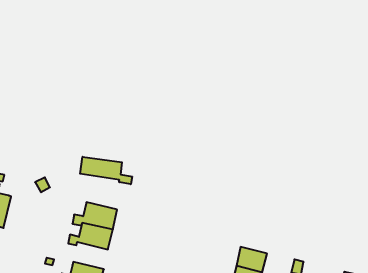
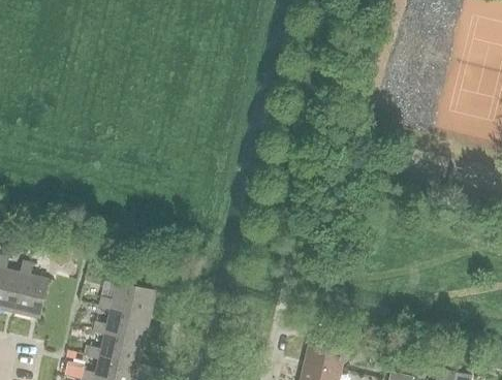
building: [80,157,132,184] -> none
building: none -> [14,261,49,318]
building: none -> [89,330,145,365]

